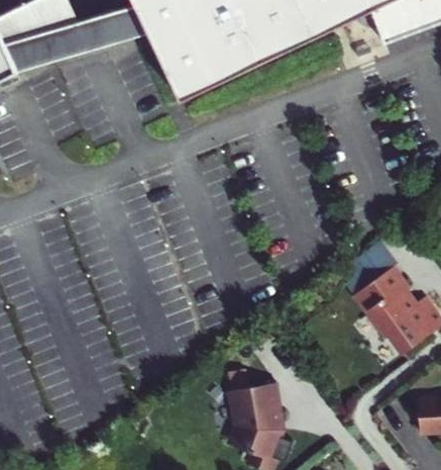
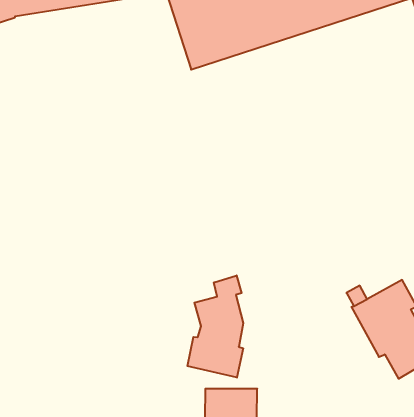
building: none -> [187,275,243,378]

